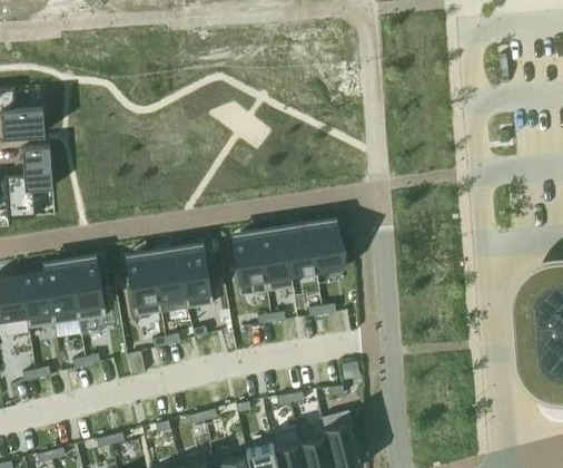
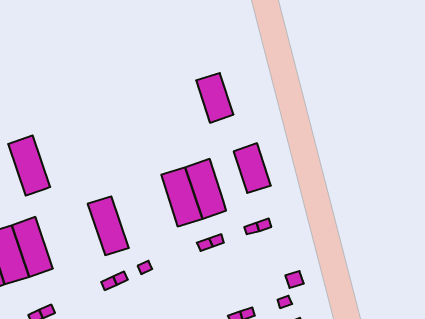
building: [284,228,316,277] -> [196,73,234,123]
building: [177,248,213,309] -> none
building: [125,256,160,316] -> [8,135,50,196]

